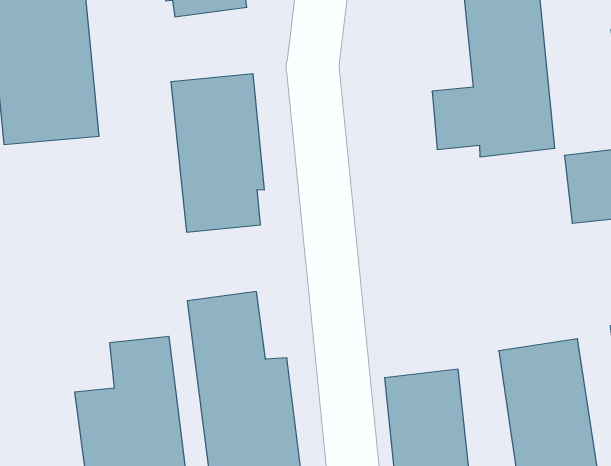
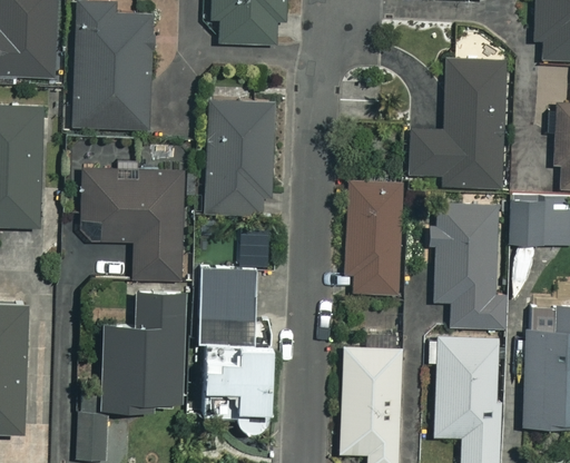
building: none -> [346,181,400,294]
building: none -> [434,205,505,327]
building: none -> [83,170,181,278]

